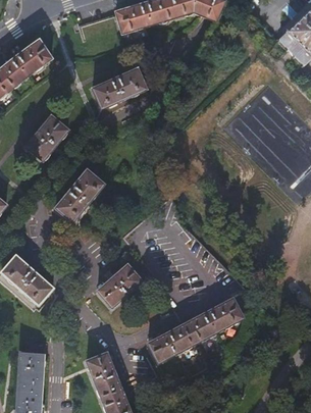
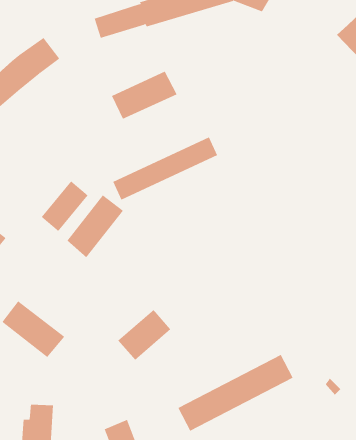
building: [28,116,66,158] -> [41,181,88,232]
building: none -> [112,136,218,200]

